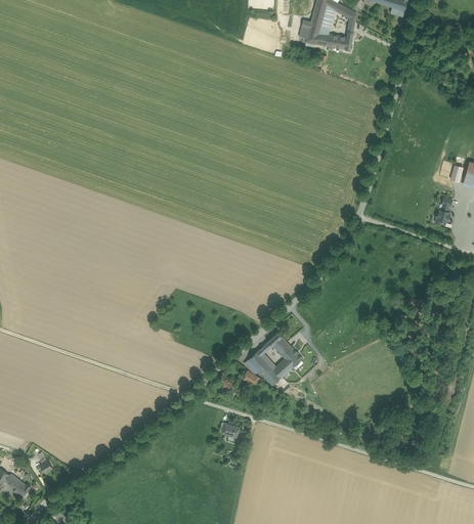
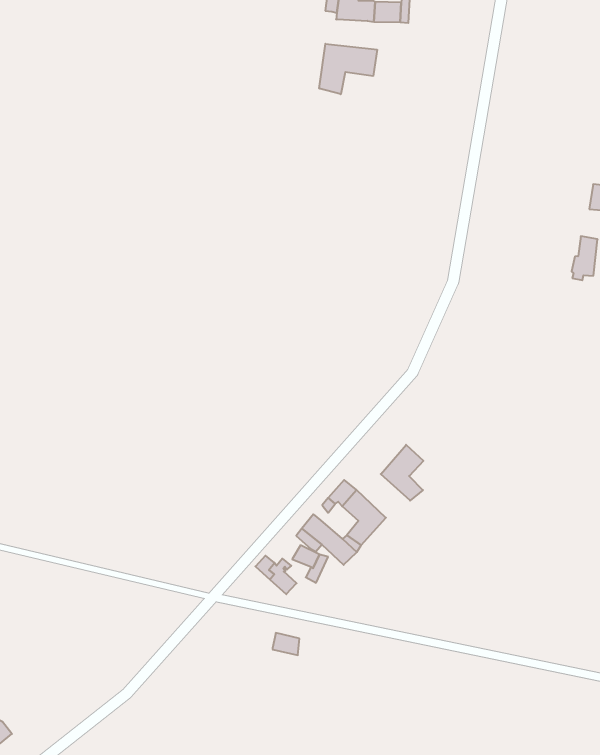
building: none -> [319,44,377,94]
building: none -> [381,445,423,501]

